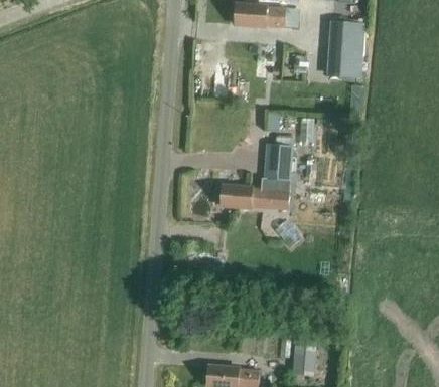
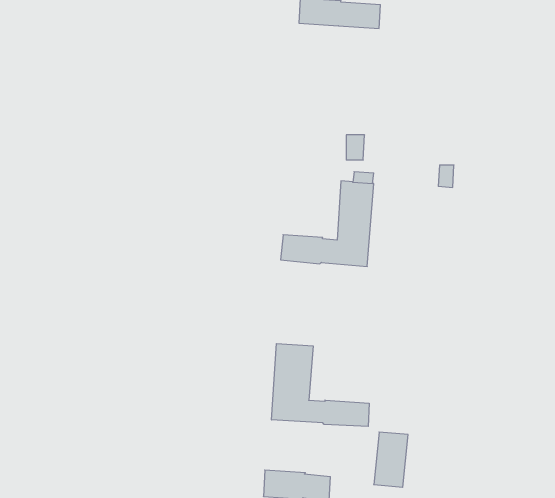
building: [326,23,362,77] -> none
building: none -> [272,344,369,426]

